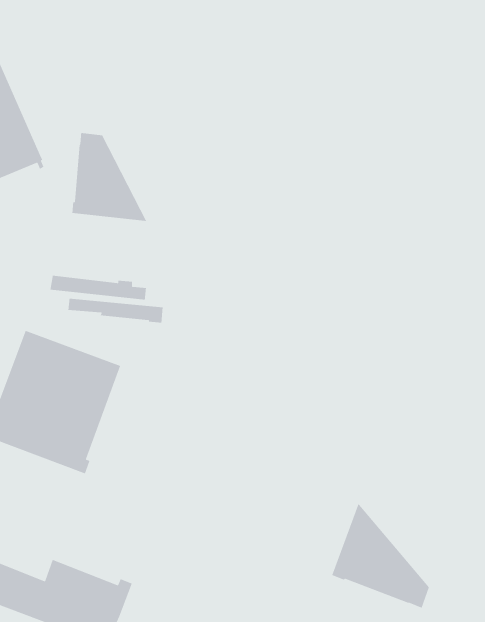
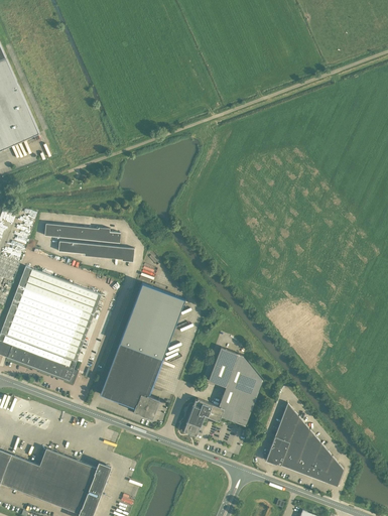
building: [71,132,147,222] -> none
building: none -> [99,283,183,416]
building: none -> [182,347,263,436]

